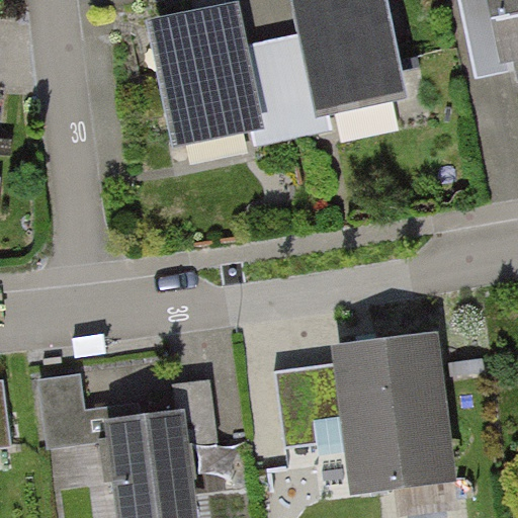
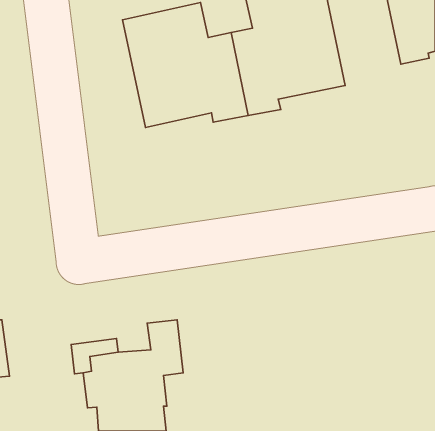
building: [273,333,458,497] -> none
building: [35,371,88,448] -> none

